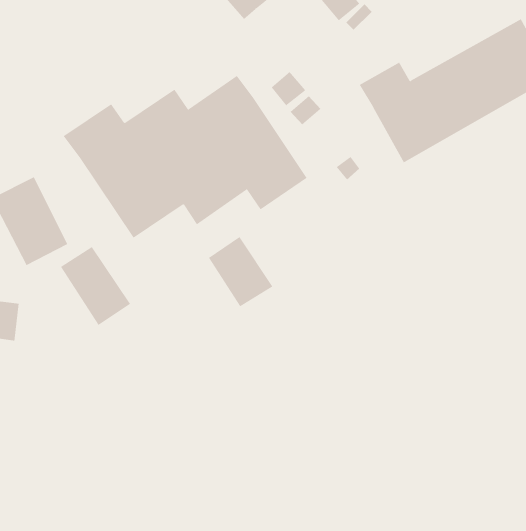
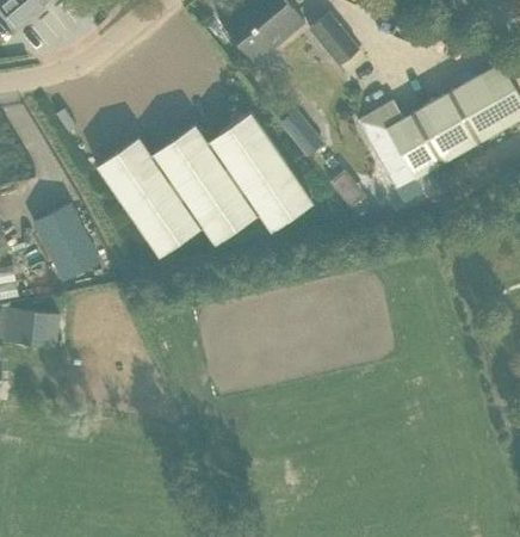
building: [208,236,273,307] -> none
building: [60,246,131,326] -> none

